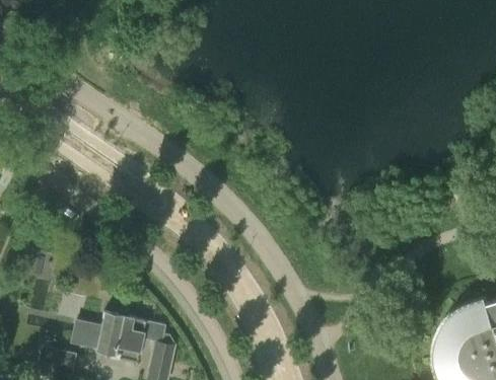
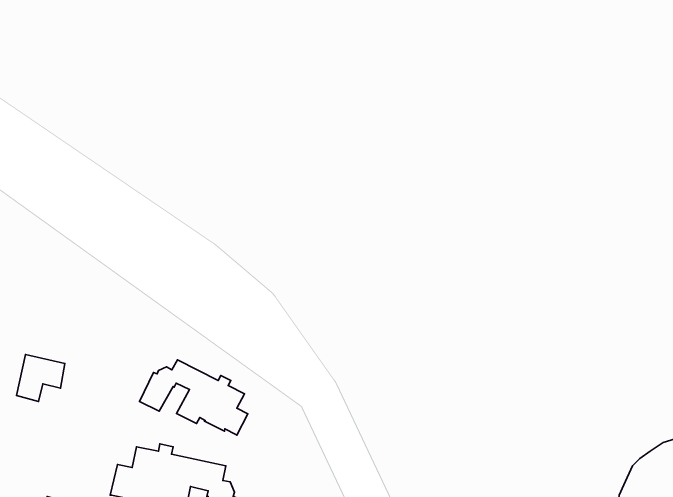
building: none -> [139,360,248,435]

